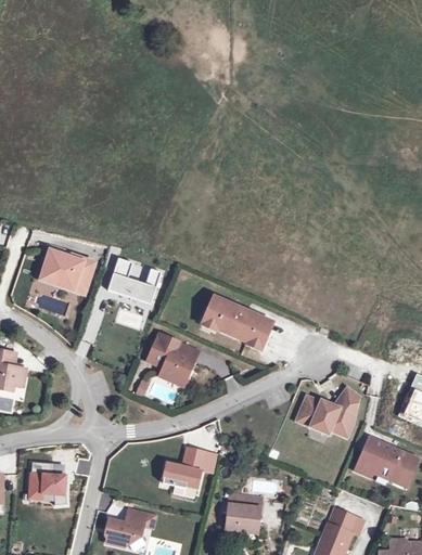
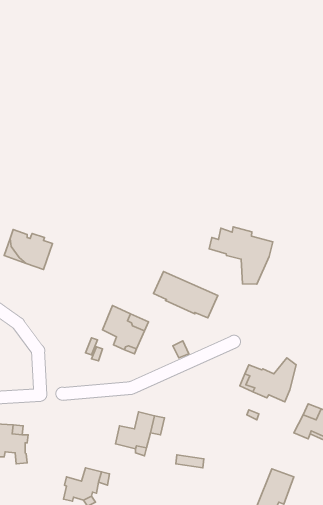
building: none -> [209,227,273,284]
building: [108,259,161,306] -> none
building: [223,504,256,532] -> none

